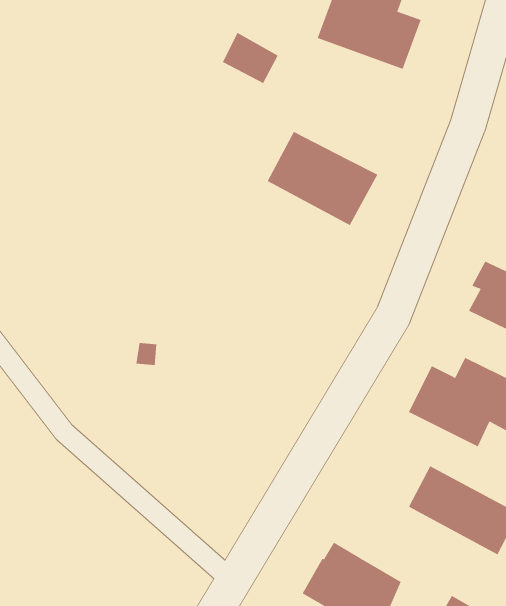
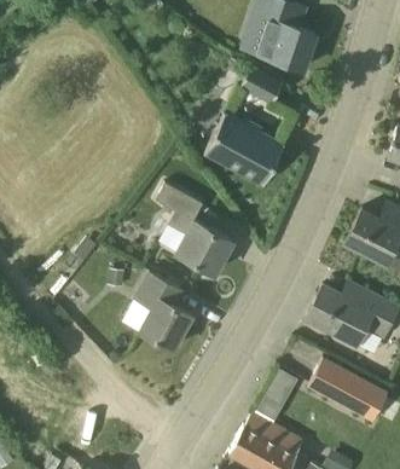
building: [222,32,279,84] -> [240,66,282,104]
building: none -> [156,183,233,274]
building: none -> [121,272,193,351]
building: none -> [257,372,298,424]

